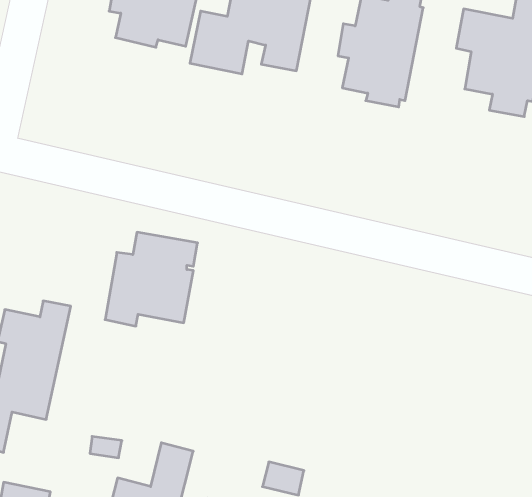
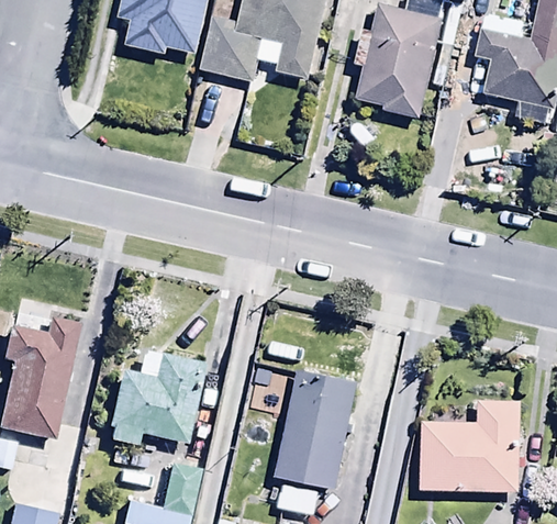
building: [105,232,198,326] -> [109,348,204,445]
building: none -> [275,367,358,488]
building: none -> [420,399,521,491]

